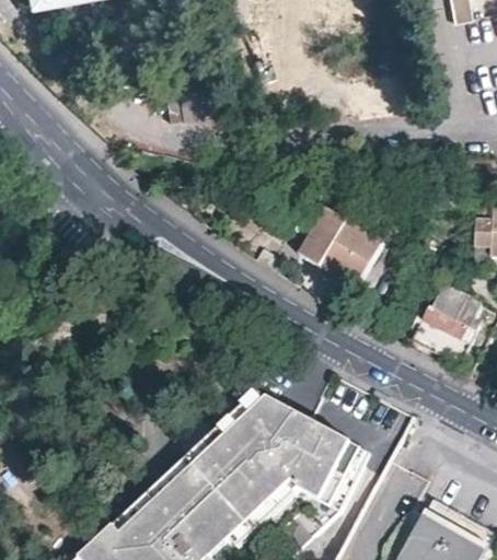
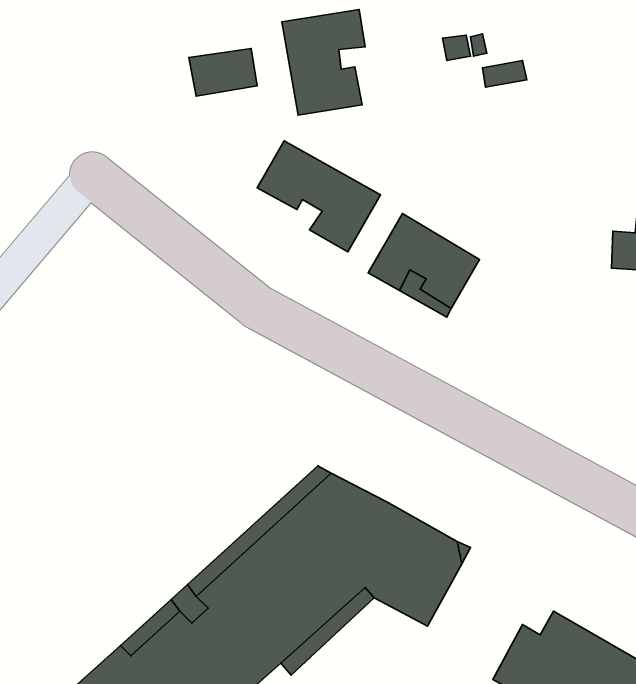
building: none -> [282,9,365,115]
building: none -> [257,141,381,252]
building: [412,287,478,362] -> none

